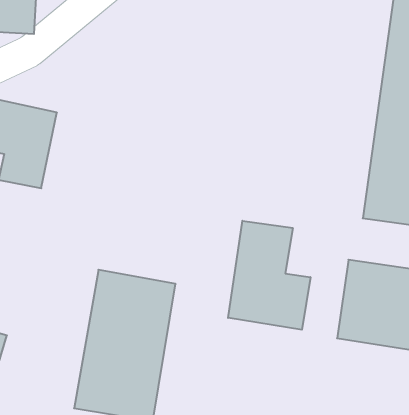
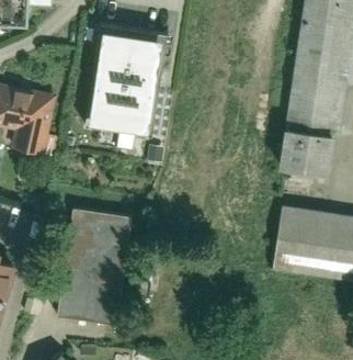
building: none -> [91,35,166,138]
building: [228,221,310,330] -> none

